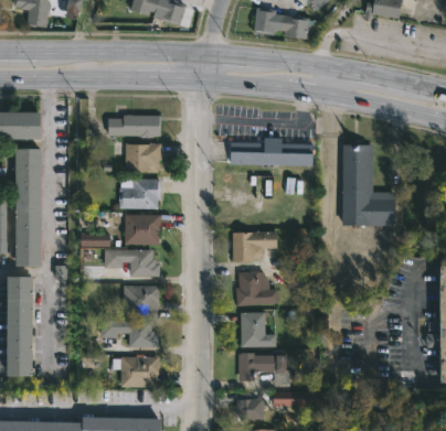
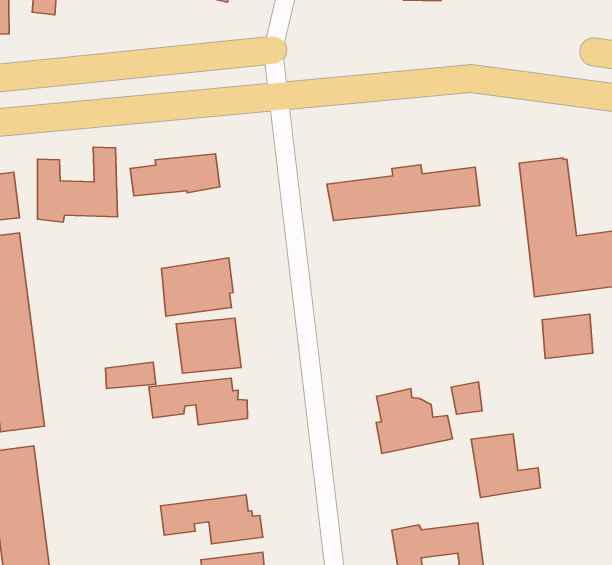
building: none -> [37,147,117,222]
building: [127,142,163,173] -> none
building: [233,231,280,261] -> none
building: none -> [542,314,593,359]
building: [125,285,162,315] -> none
building: [242,312,279,347] -> [471,434,541,497]

